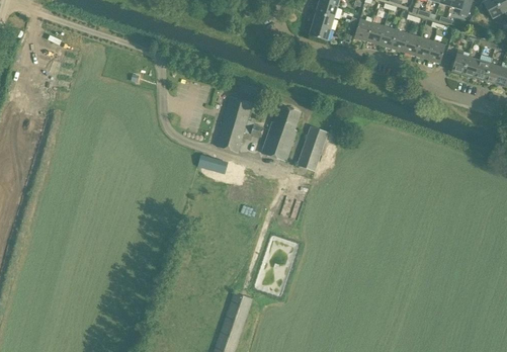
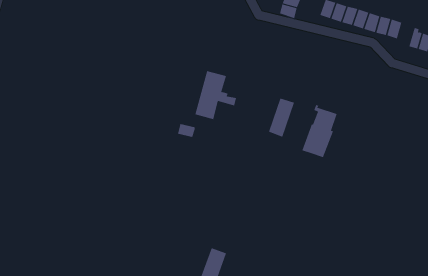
building: [261,102,301,161] -> [302,105,337,158]

